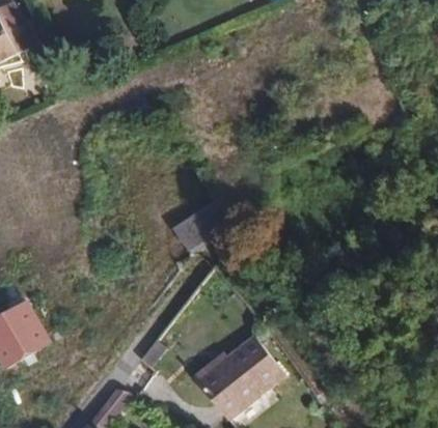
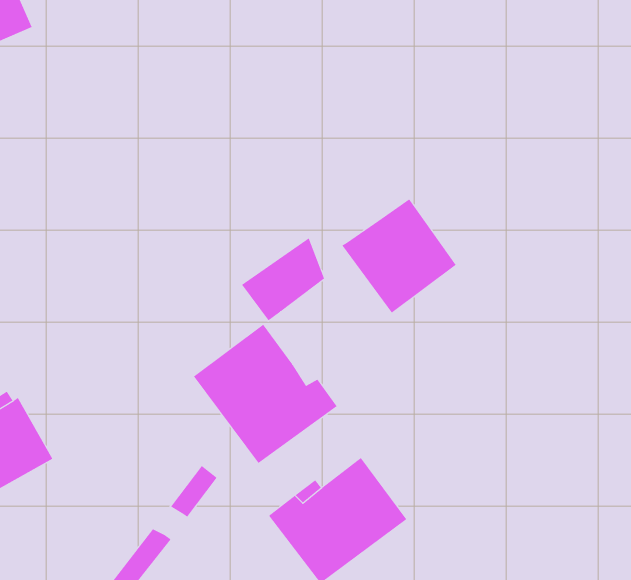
building: none -> [342,199,456,313]
building: none -> [193,324,337,464]

